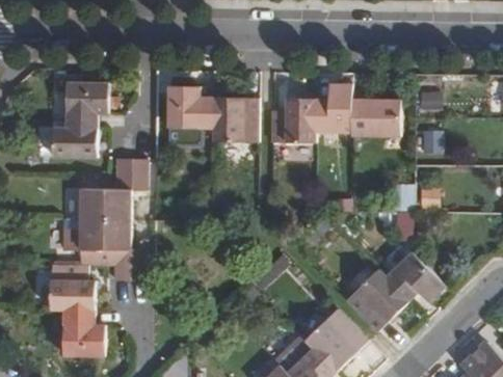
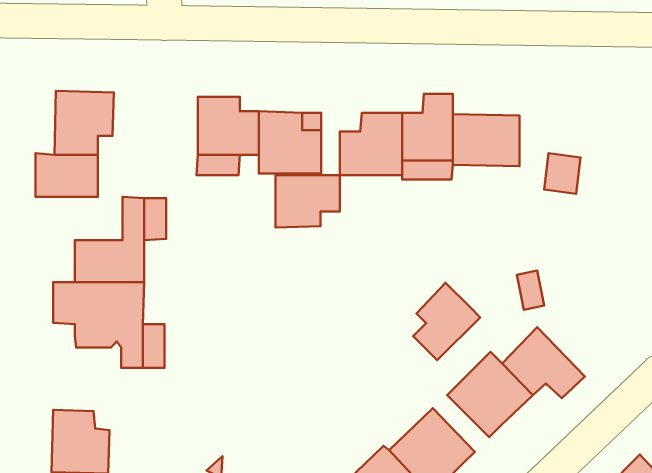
building: none -> [275,175,340,227]
building: none -> [413,283,480,360]
building: [50,266,94,312] -> none

